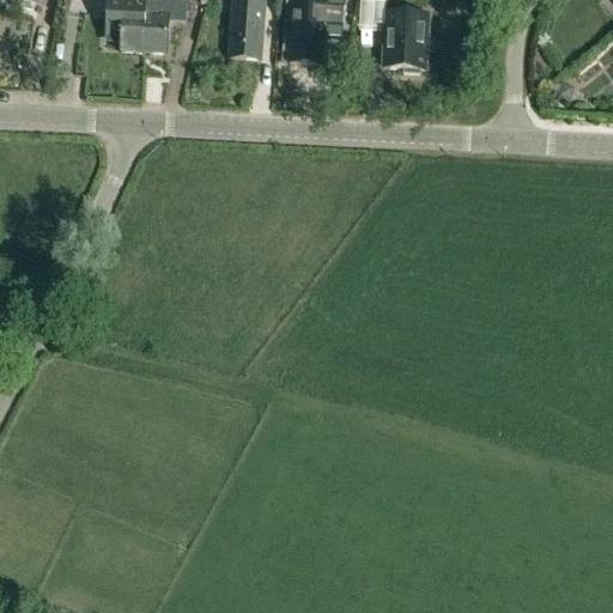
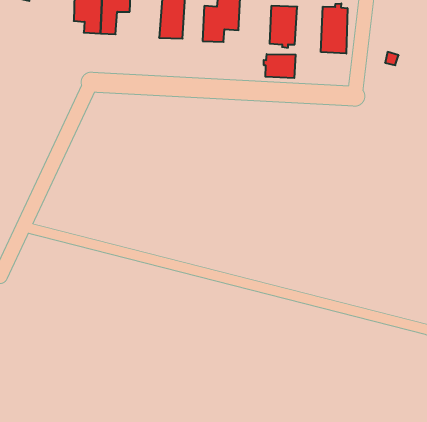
building: none -> [321,3,347,54]
building: none -> [264,54,296,78]

